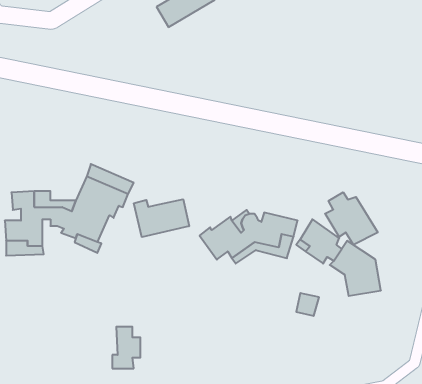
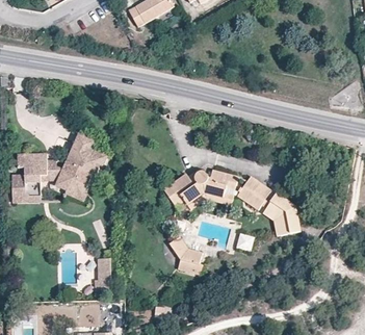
building: [325,192,378,245] -> none
building: [134,199,189,237] -> none
building: none -> [168,236,202,274]

